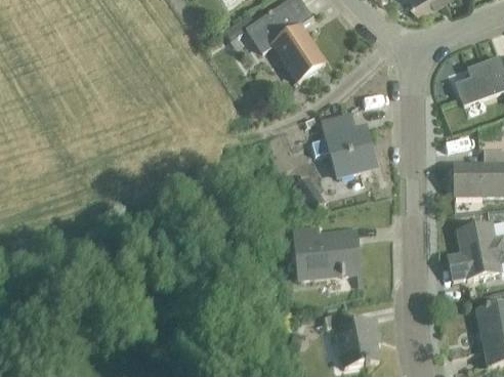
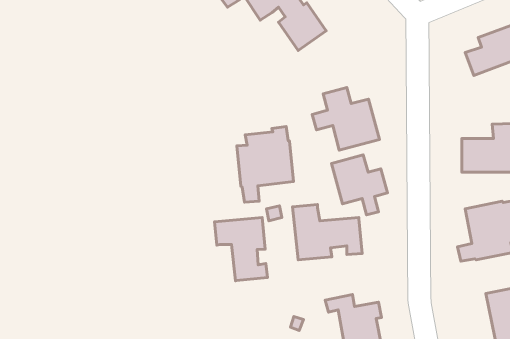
building: none -> [237,126,293,202]
building: none -> [332,155,387,215]
building: none -> [215,218,268,281]

